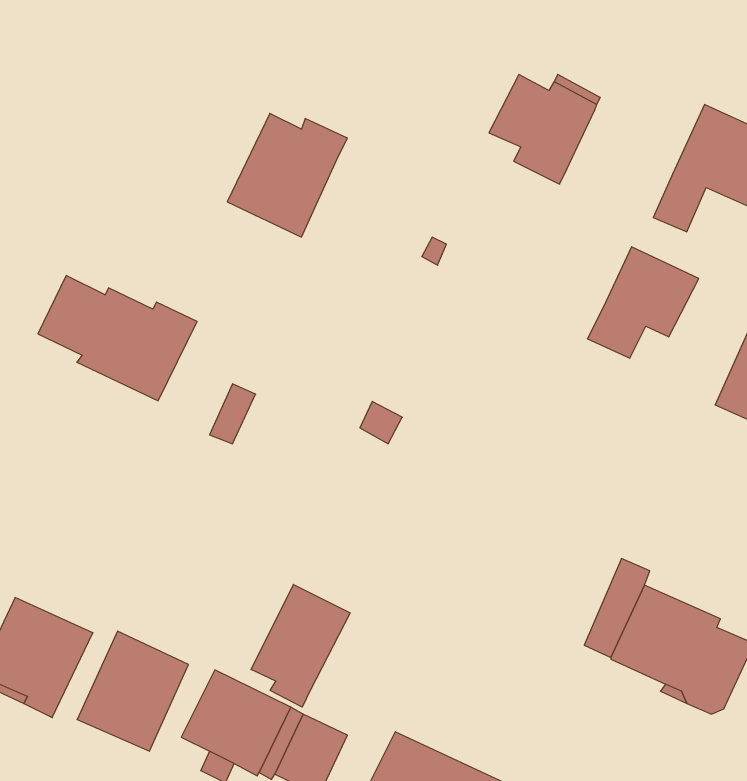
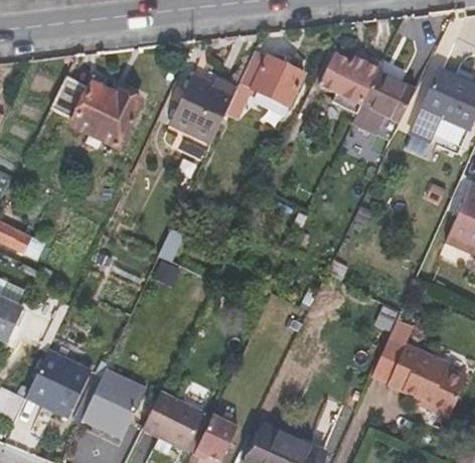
building: none -> [232,49,305,117]
building: [587,247,699,358] -> [353,71,417,135]
building: [38,276,197,401] -> [50,74,141,146]
building: [251,584,350,707] -> none

